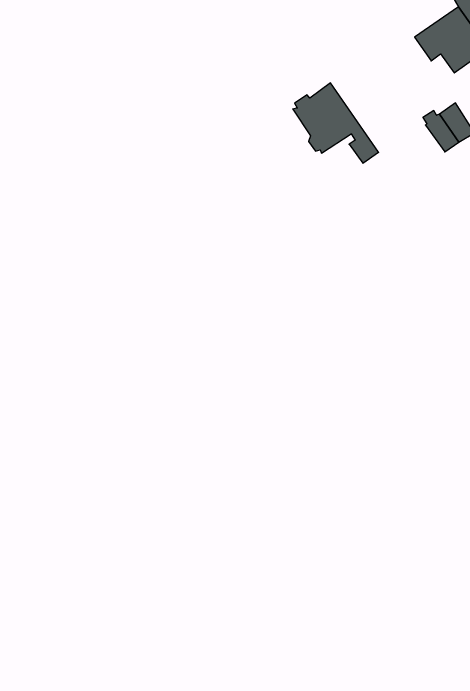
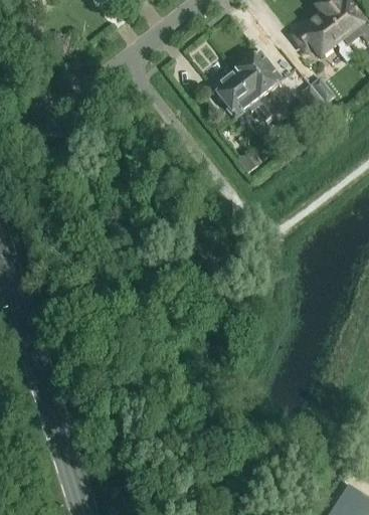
building: none -> [237,50,281,111]

